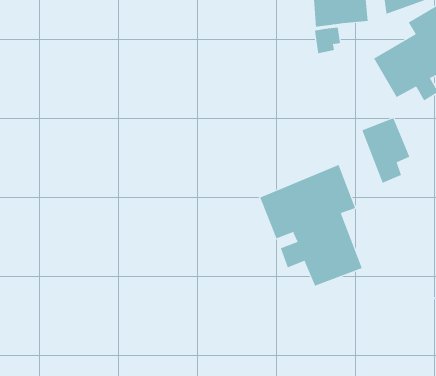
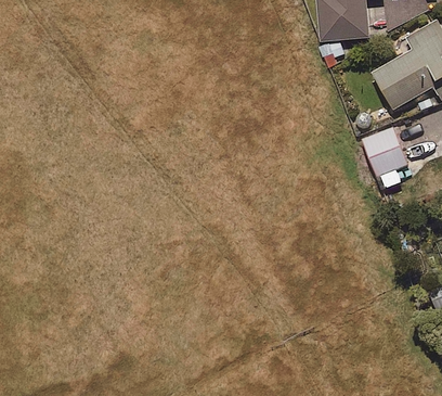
building: [259,164,363,287] -> none

